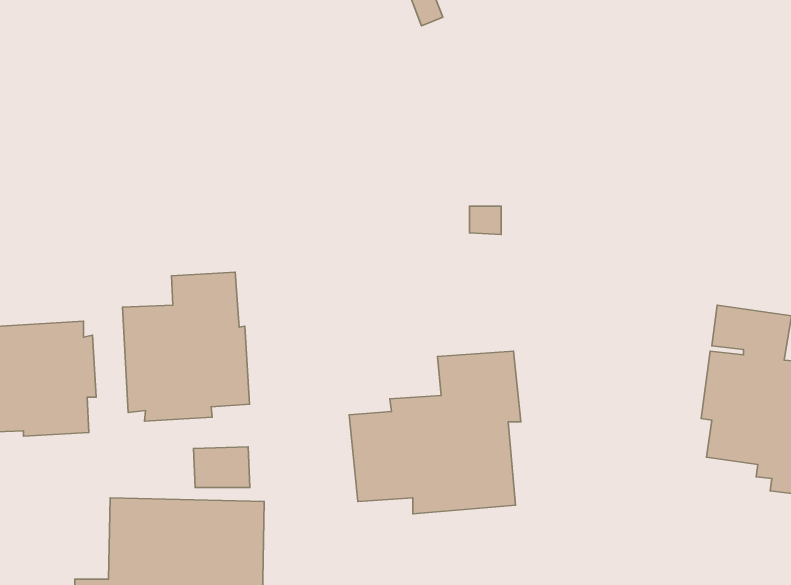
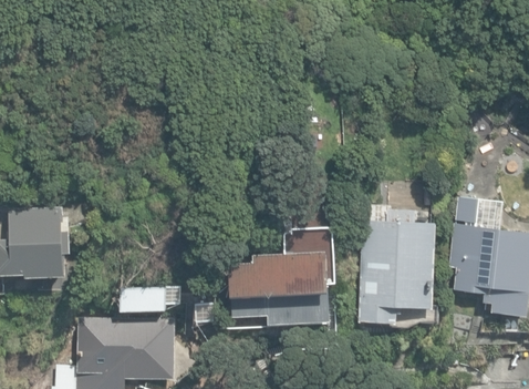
building: [122,272,250,421] -> none
building: none -> [357,211,436,325]

